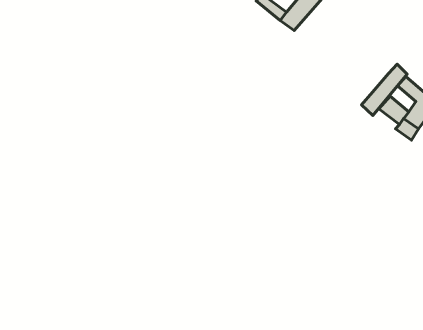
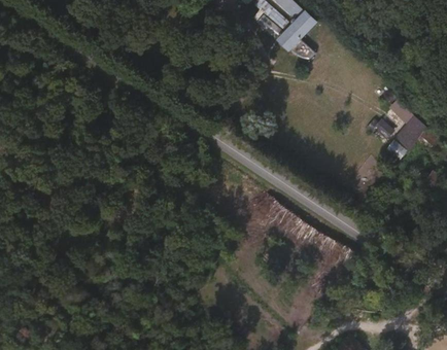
building: [362,64,407,116] -> none

